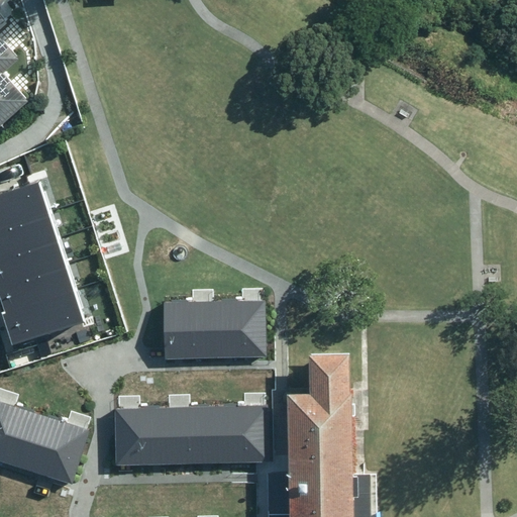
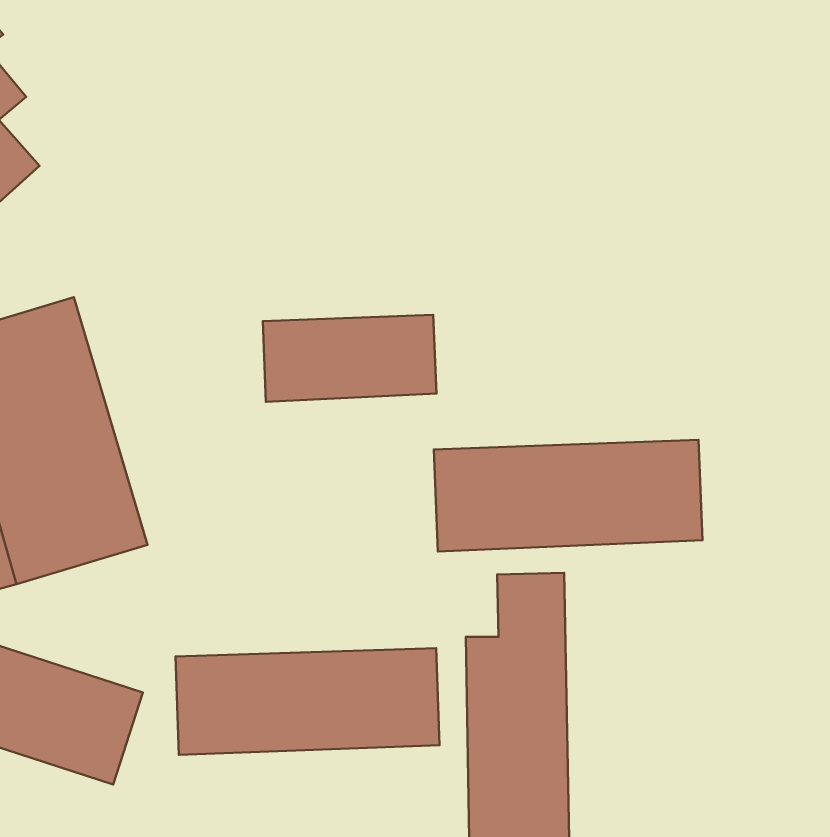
building: none -> [434,440,703,551]
building: [159,304,266,357] -> [263,315,437,402]

